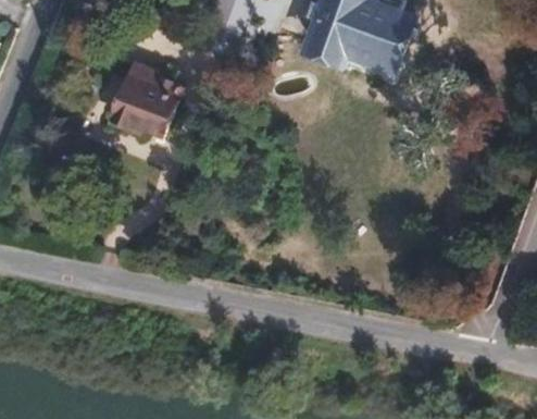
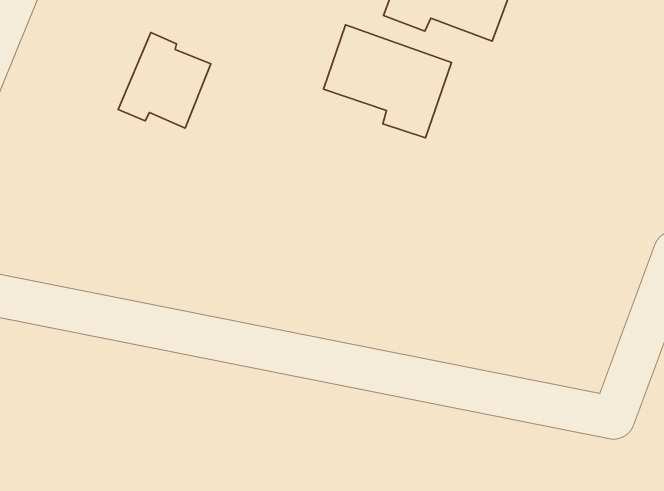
building: none -> [324,25,451,138]

